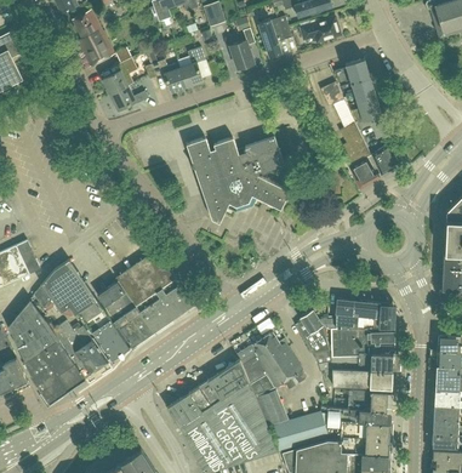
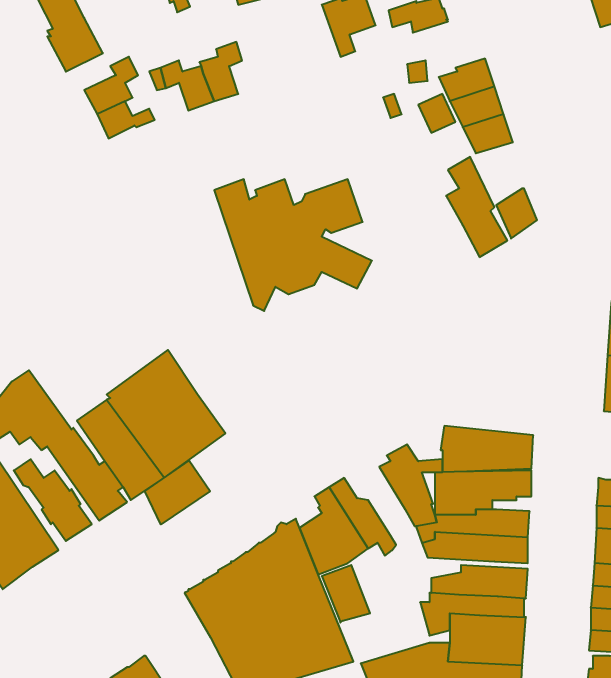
building: [229,29,255,69] -> none
building: none -> [145,460,210,524]
building: [270,412,329,452] -> none

